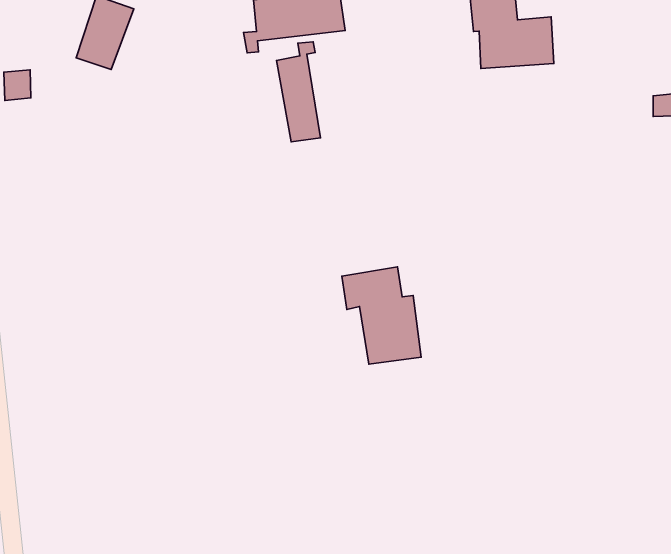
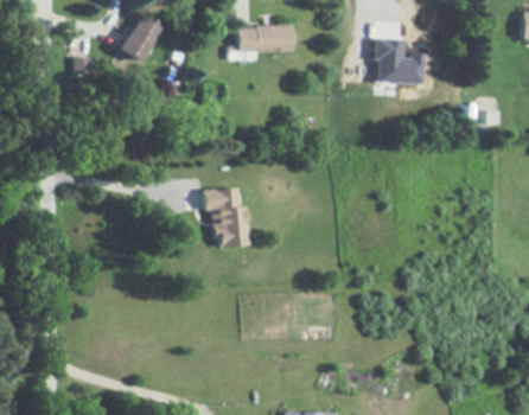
building: [276,42,320,142] -> none
building: [342,267,421,364] -> [203,187,248,247]

